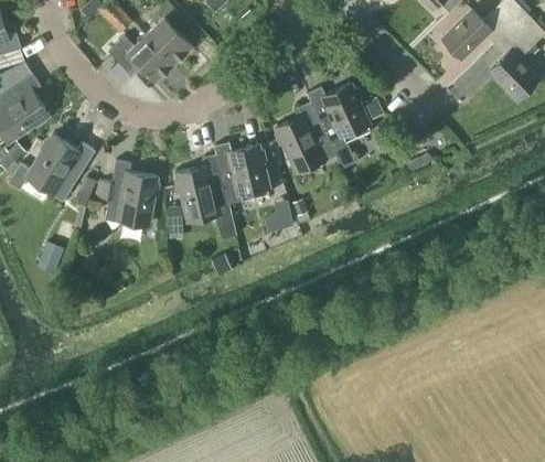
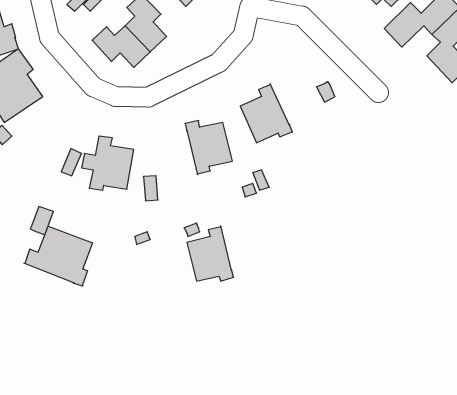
building: [307,85,368,169] -> none
building: [30,136,95,202] -> none
building: [178,154,231,217] -> [187,226,233,281]
building: none -> [24,226,93,286]

